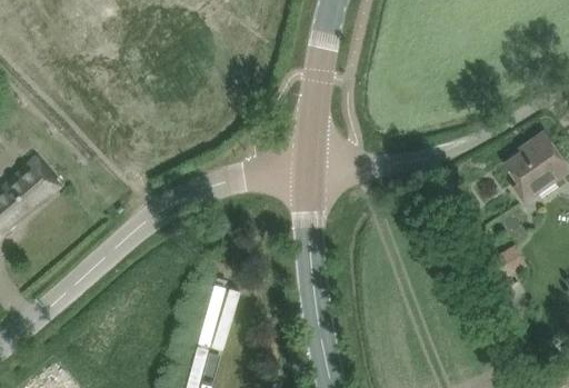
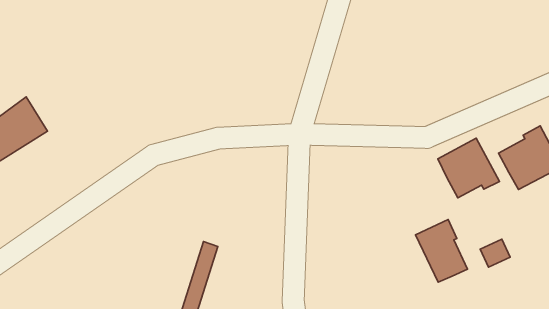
building: none -> [438,138,499,198]
building: none -> [415,219,468,282]

